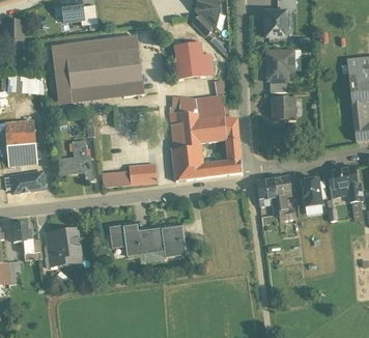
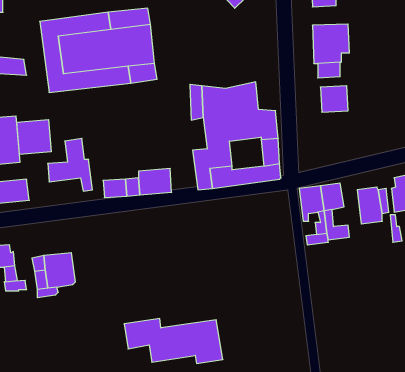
building: [173,40,205,77] -> none
building: none -> [17,120,51,154]
building: [109,221,187,256] -> [124,319,223,363]

